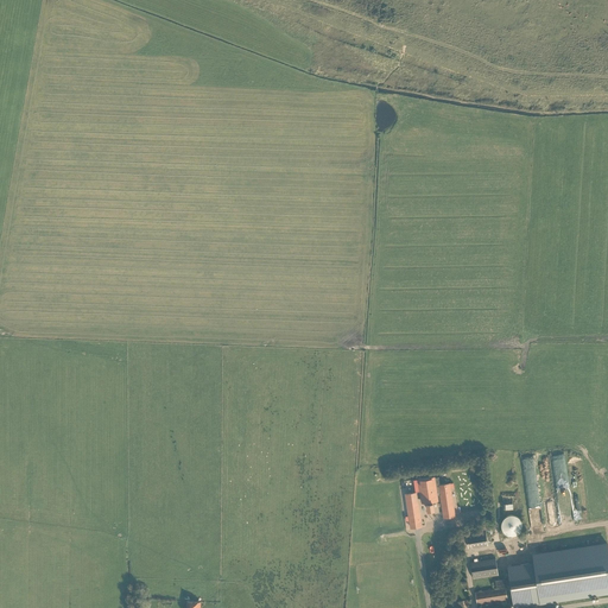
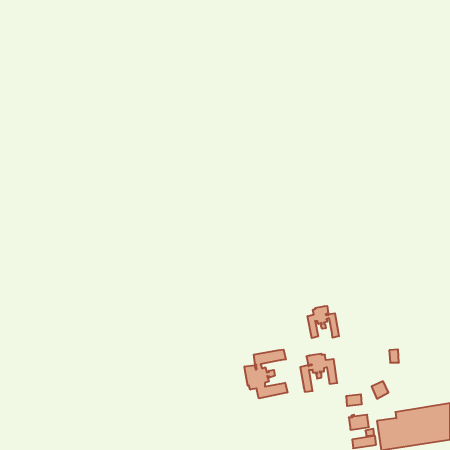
building: none -> [308,306,339,338]
building: none -> [245,350,287,398]

